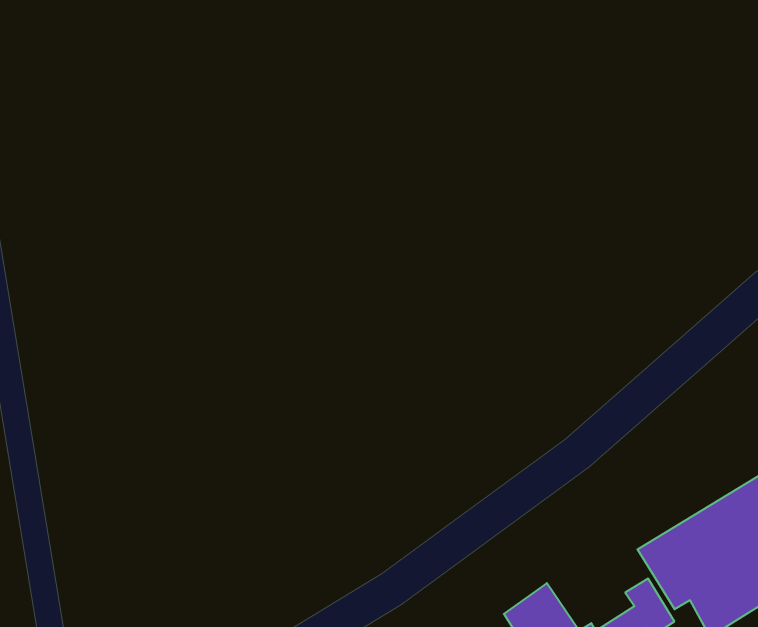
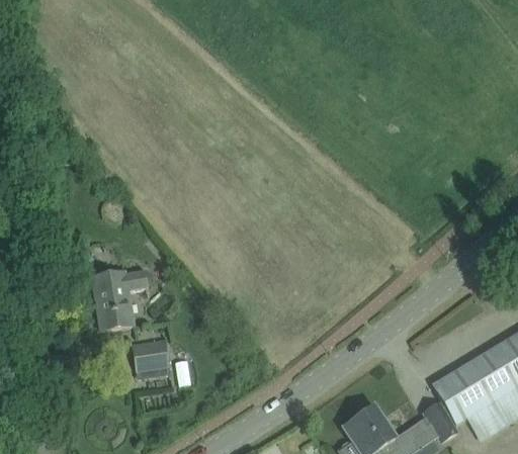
building: none -> [92,270,147,330]
building: none -> [132,341,169,371]

